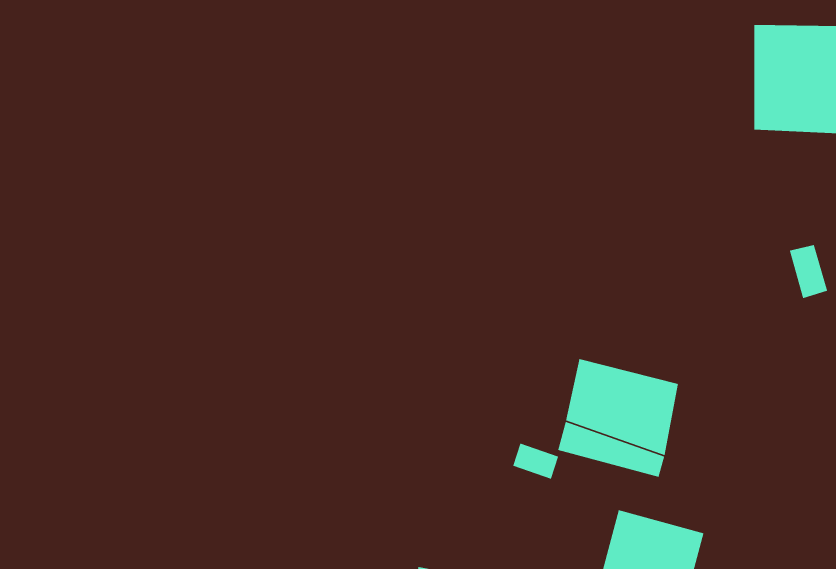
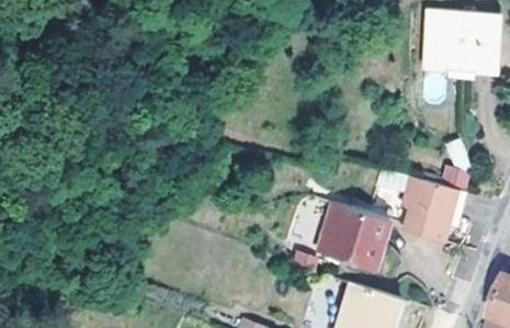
building: none -> [401,167,455,228]

